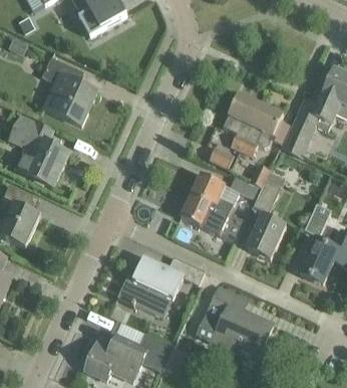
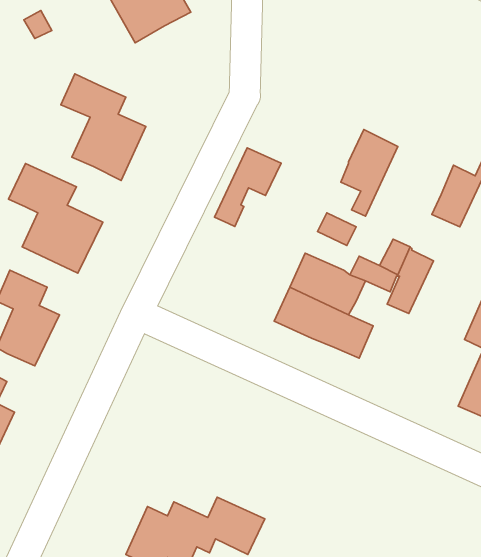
building: [239,105,282,156] -> [215,148,281,227]
building: [246,215,285,259] -> none
building: [116,256,204,314] -> none
building: [197,286,272,361] -> none

